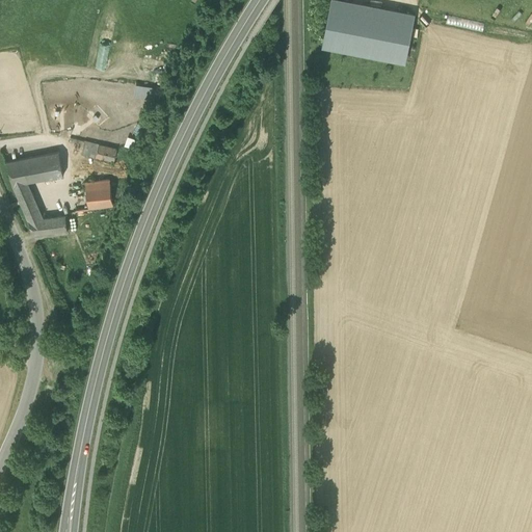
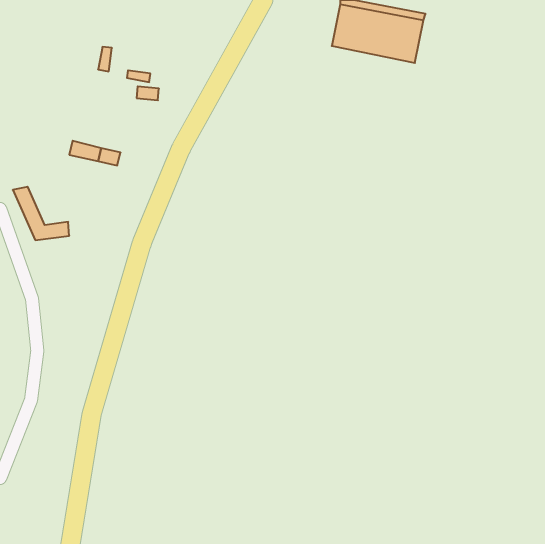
building: [8,153,64,186] -> none
building: [86,180,113,211] -> none

